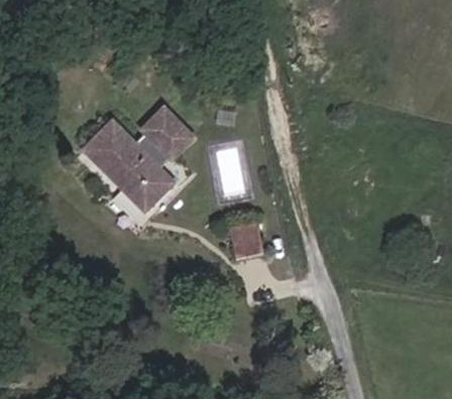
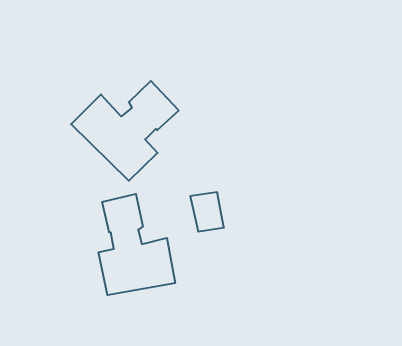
building: none -> [99,194,175,295]

